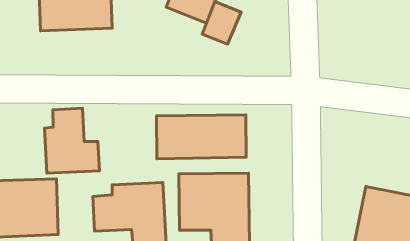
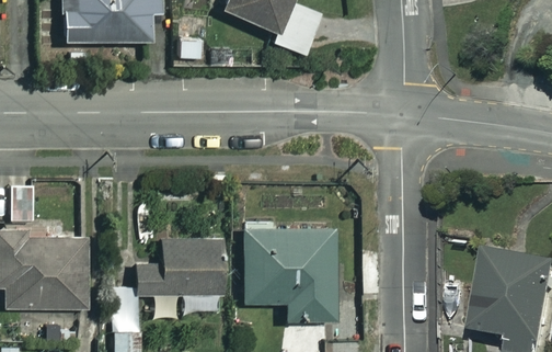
building: [44,108,99,173] -> none
building: [156,115,246,159] -> none

